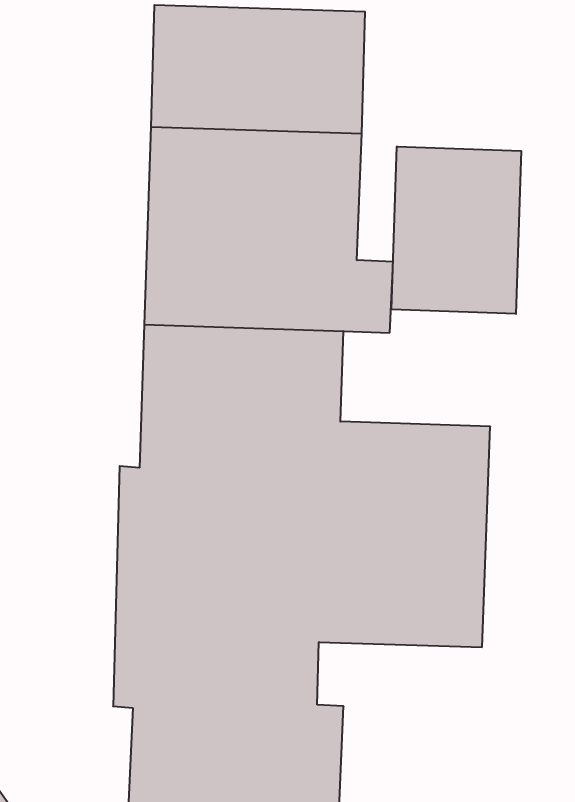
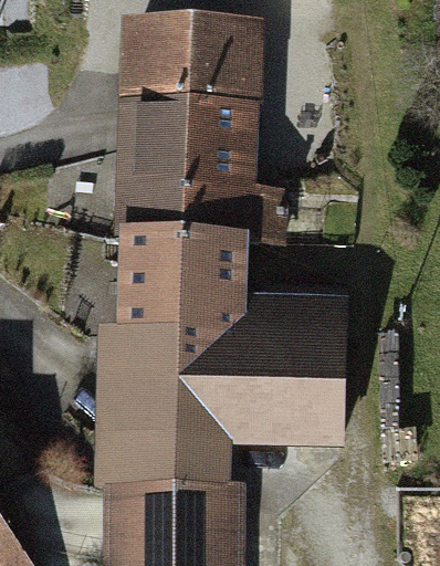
building: [392,146,521,314] -> none

